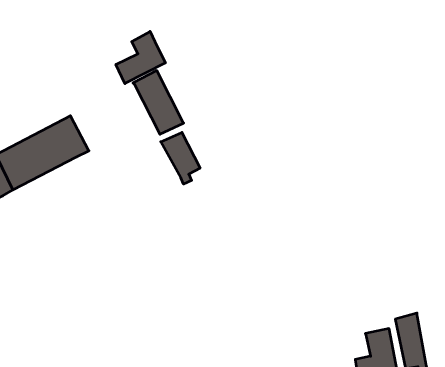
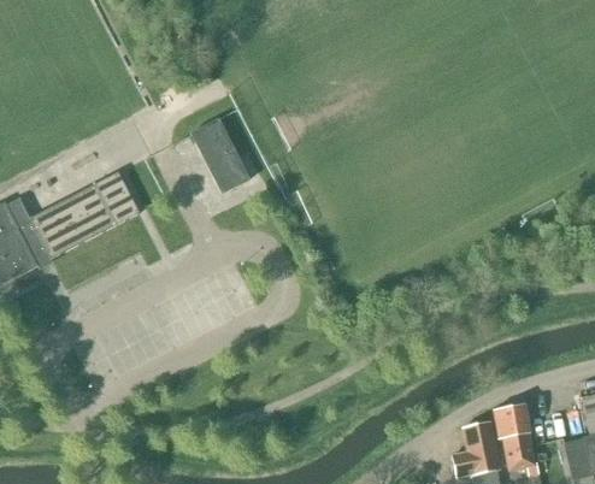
building: [116,31,165,84] -> none
building: [161,132,200,184] -> none

